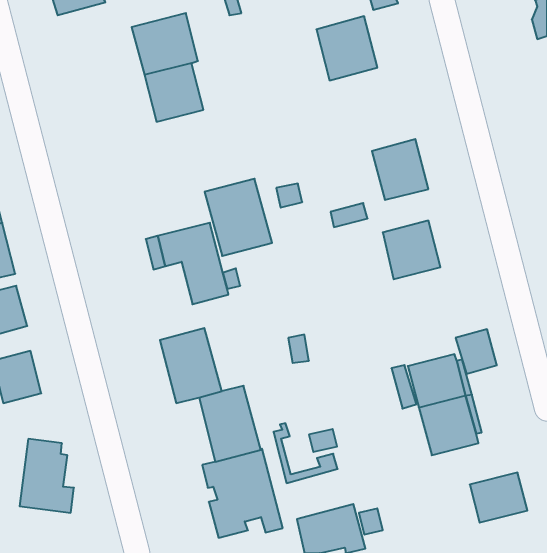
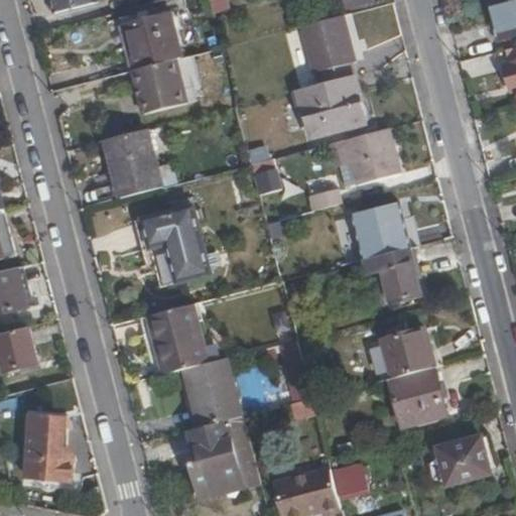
building: none -> [299,77,364,134]
building: [205,179,272,256] -> [105,127,167,199]
building: [456,329,497,374] -> [378,260,416,301]
building: [273,423,338,483] -> [186,452,246,507]

